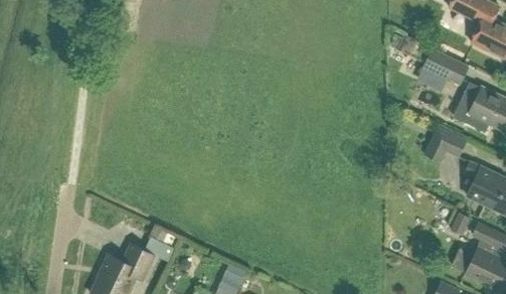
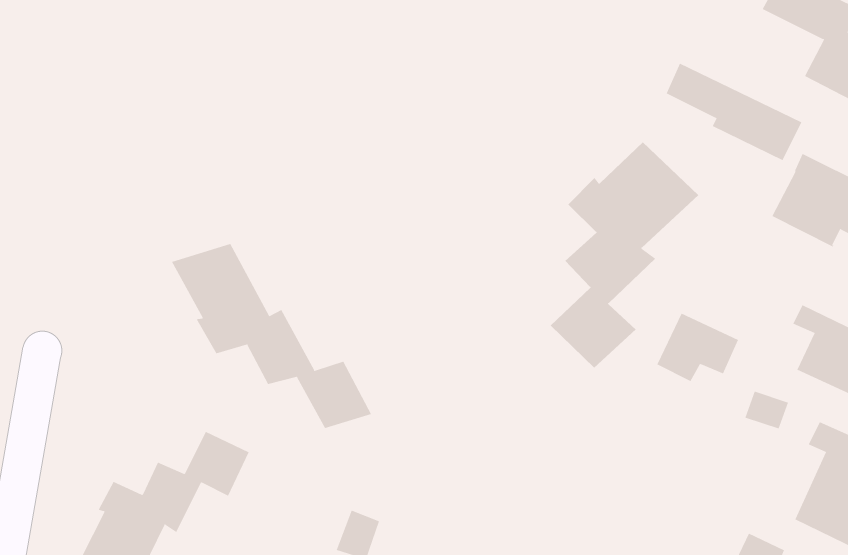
building: none -> [550,141,699,368]
building: [424,127,467,163] -> [656,313,739,382]
building: none -> [171,243,372,429]

